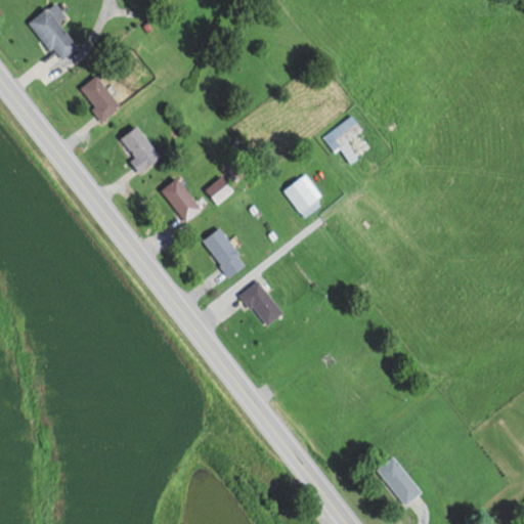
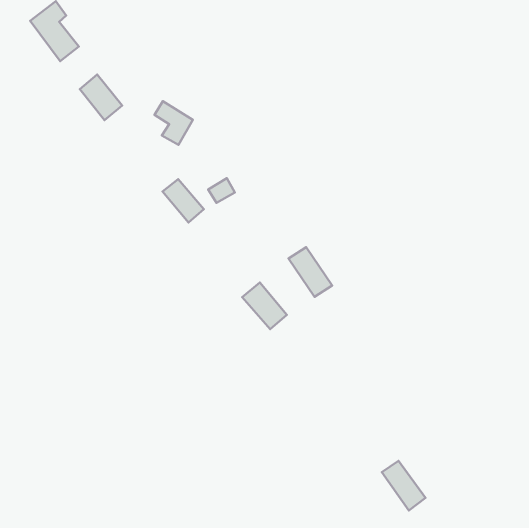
building: [323,116,362,163] -> none
building: [122,130,160,173] -> [155,101,193,145]
building: [283,175,321,214] -> none
building: [203,228,246,277] -> [289,247,332,297]

